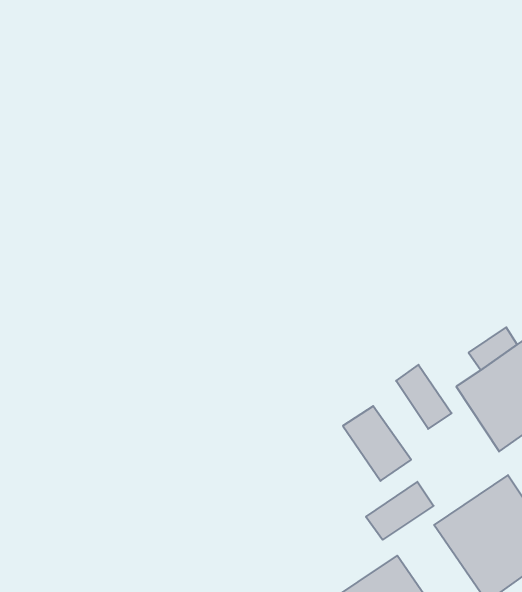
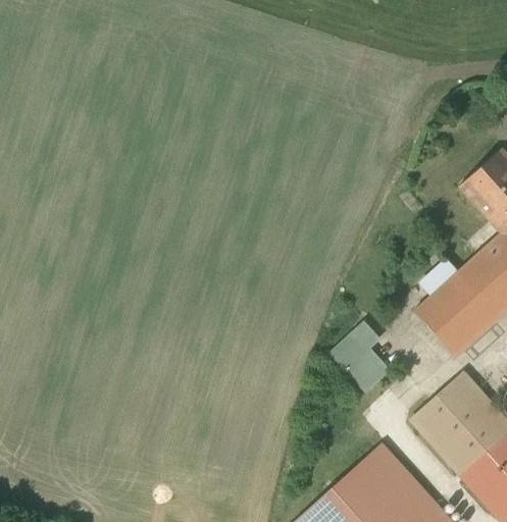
building: [396,365,452,429] -> none
building: [366,482,434,540] -> none

